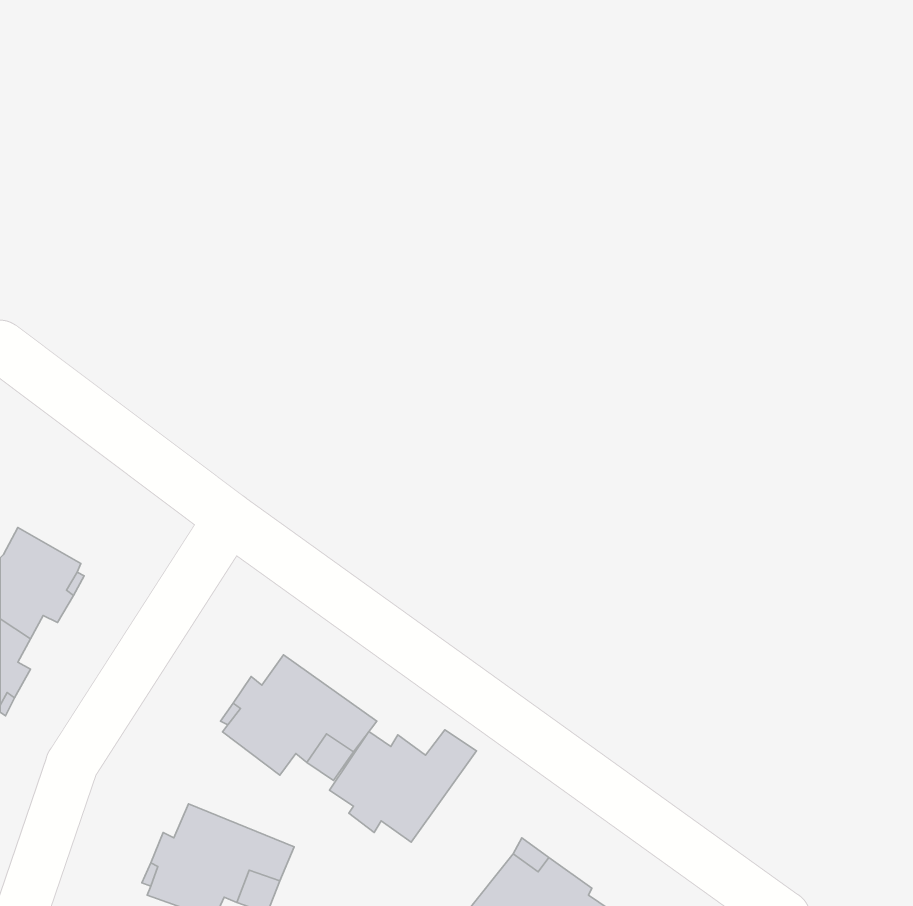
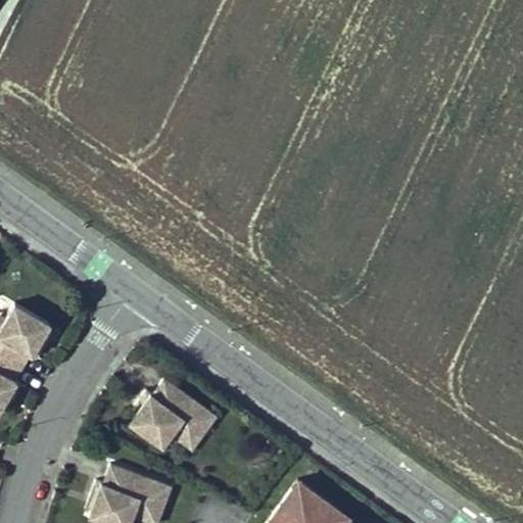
building: [329,730,476,842] -> none

